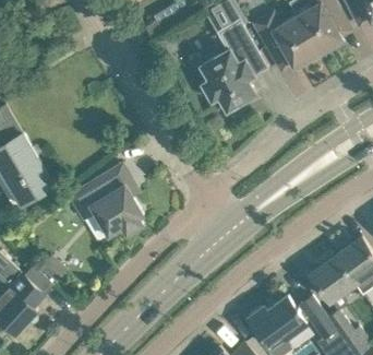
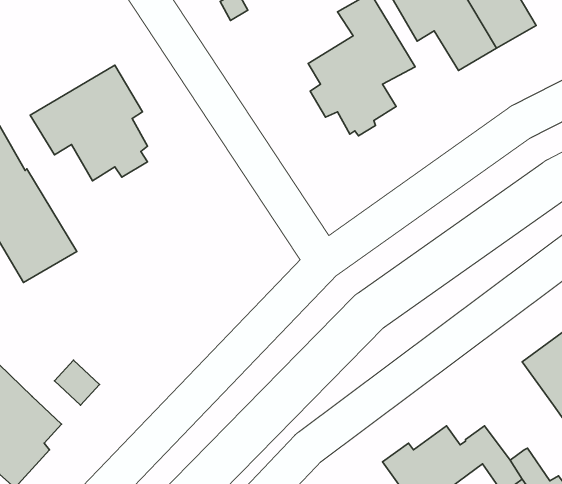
building: [68,164,142,237] -> [30,65,148,181]
building: [309,256,354,311] -> none

